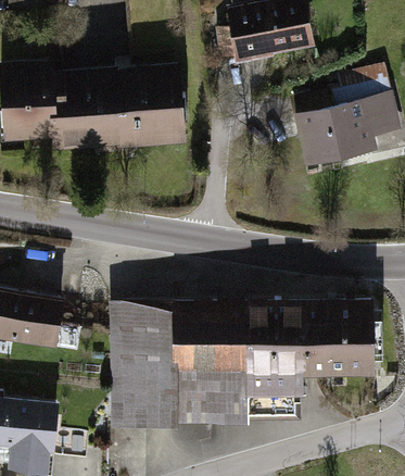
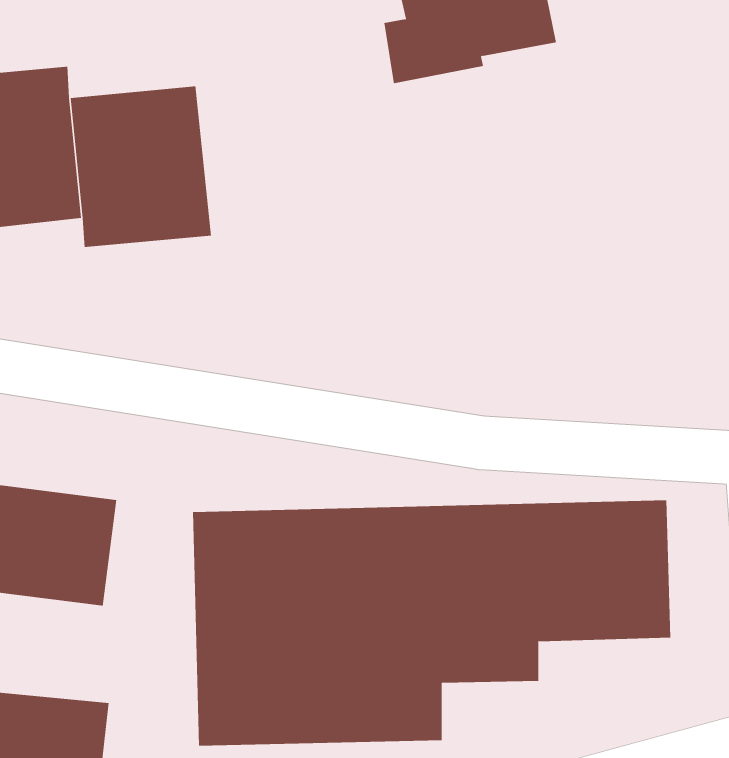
building: [111,61,185,149] -> none
building: [291,70,400,173] -> none

